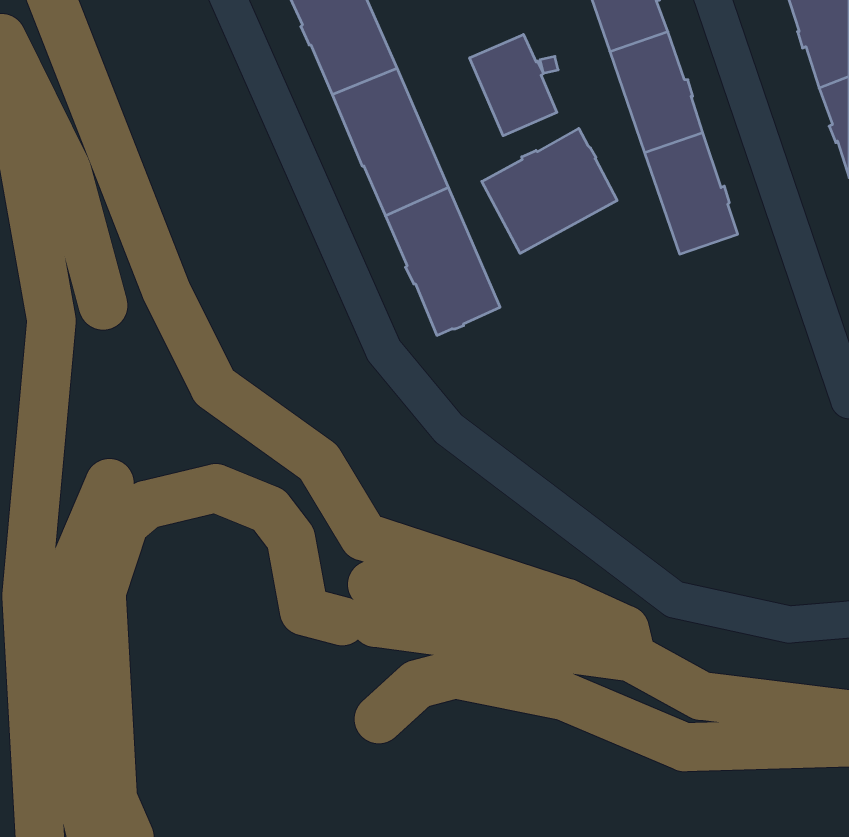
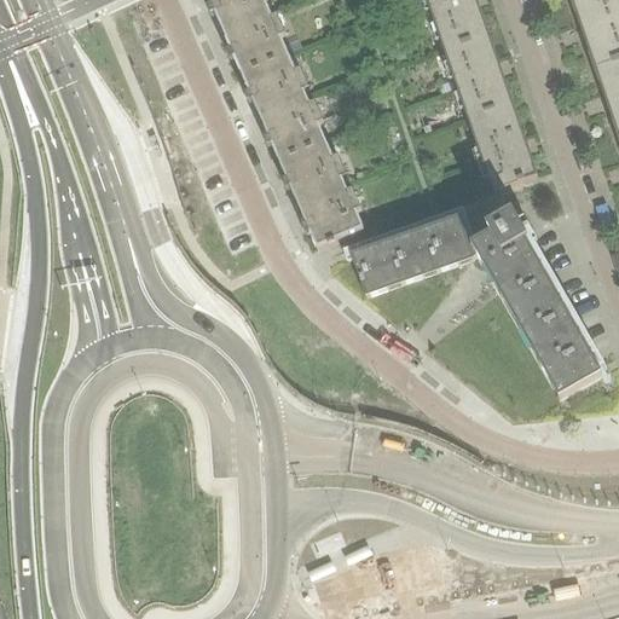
building: [470,34,557,136] -> none
building: [482,128,617,253] -> none
building: none -> [346,207,602,395]

